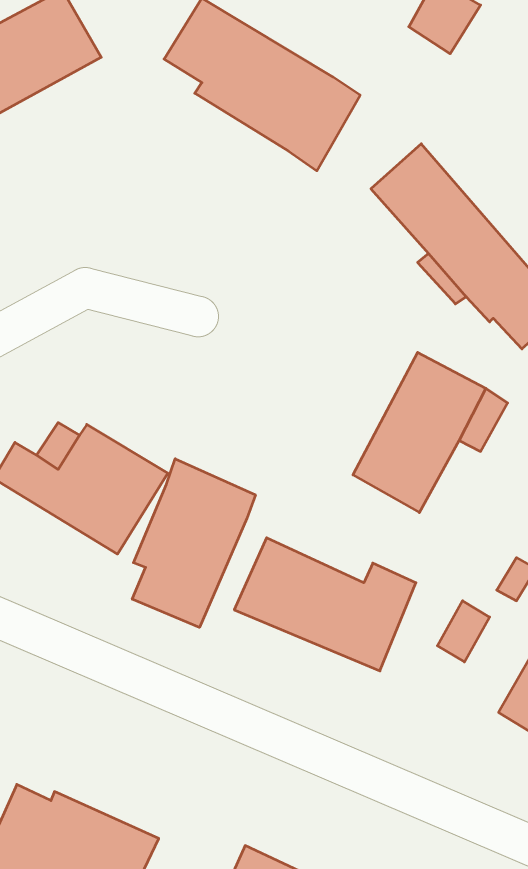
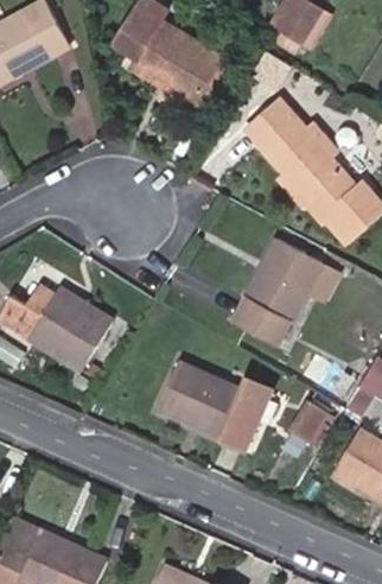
building: [132,459,255,627] -> none

